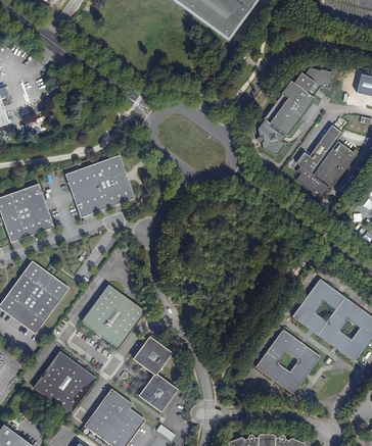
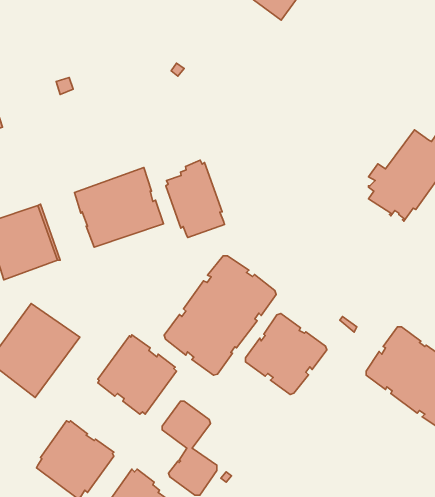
building: [254,66,333,154] -> none
building: none -> [166,160,224,238]
building: none -> [164,256,276,375]
building: [257,329,320,392] -> [246,313,327,394]

